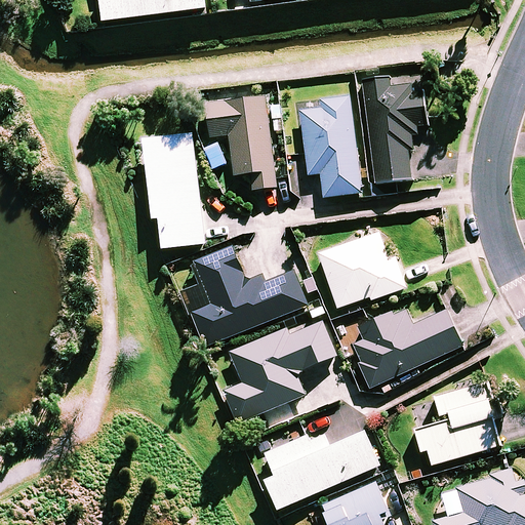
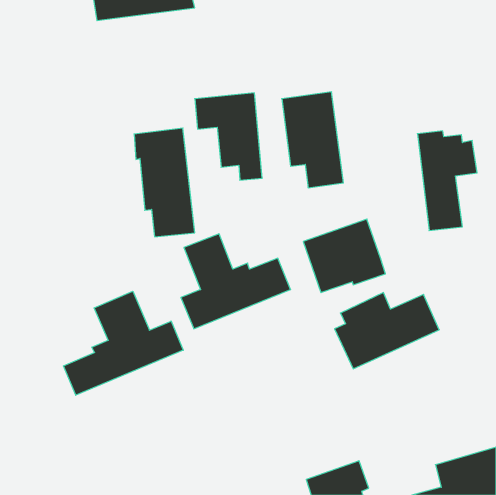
building: [363,79,426,184] -> [417,131,477,231]
building: none -> [64,291,183,395]
building: [221,320,335,422] -> none
building: [415,380,501,463] -> none
building: [264,429,378,510] -> none

